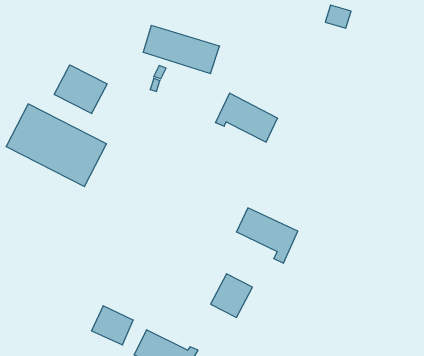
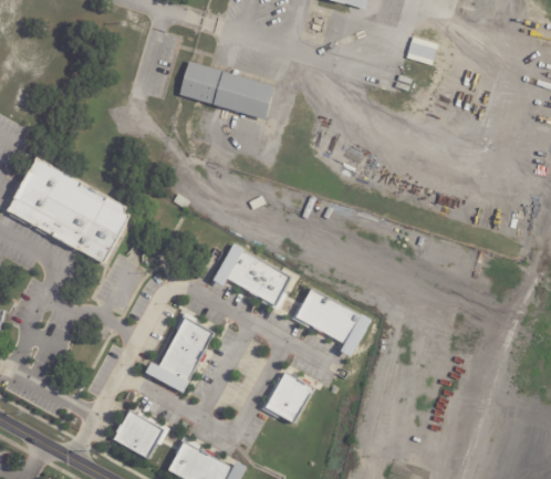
building: [54,65,107,114] -> none
building: [215,93,278,142] -> [214,244,291,305]
building: none -> [145,315,214,392]

